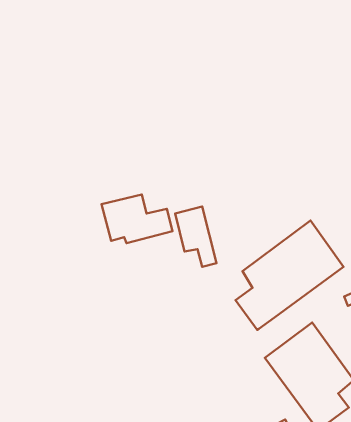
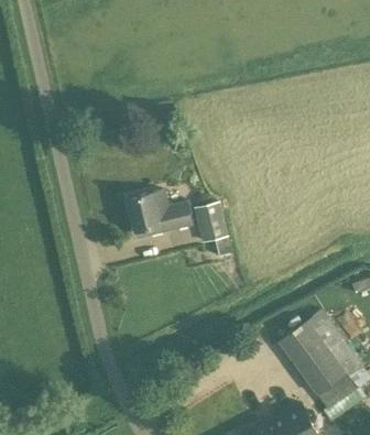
building: [235,220,344,330] -> none

